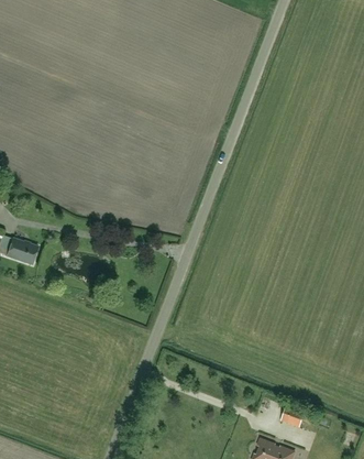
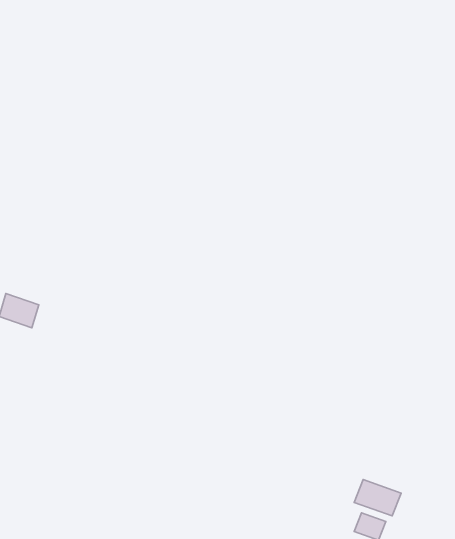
building: none -> [354,480,401,516]

